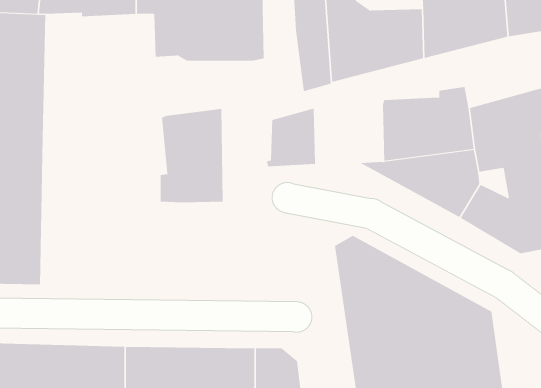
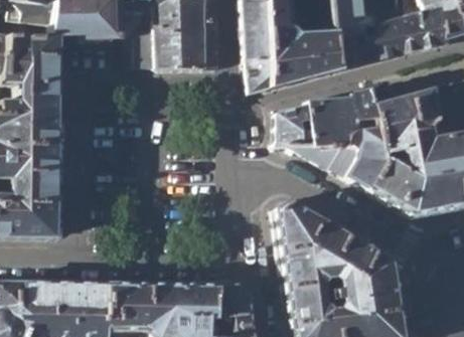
building: [266,108,316,167] -> [274,104,311,148]
building: [160,108,223,203] -> none

